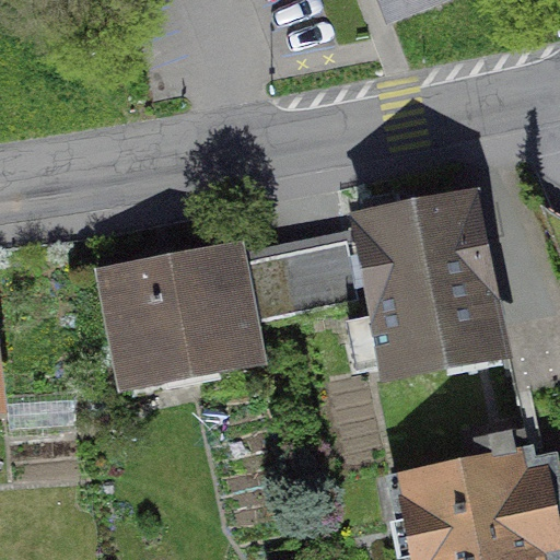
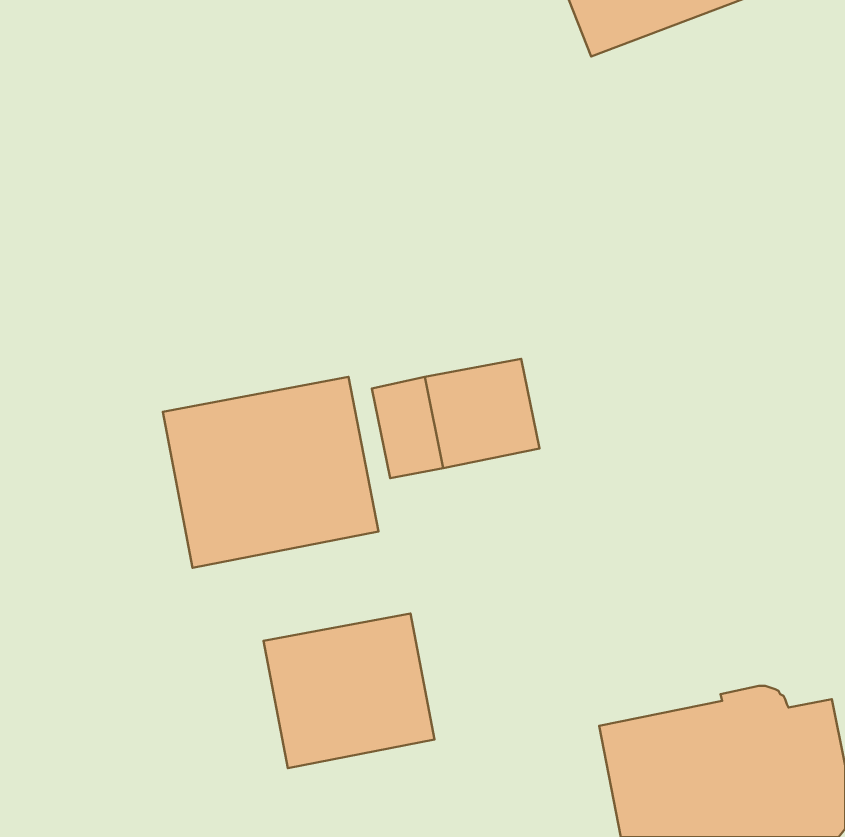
building: [355,197,500,364] -> none
building: none -> [264,613,435,768]

